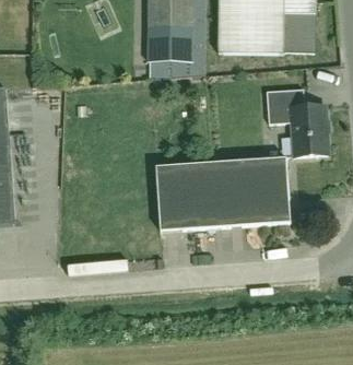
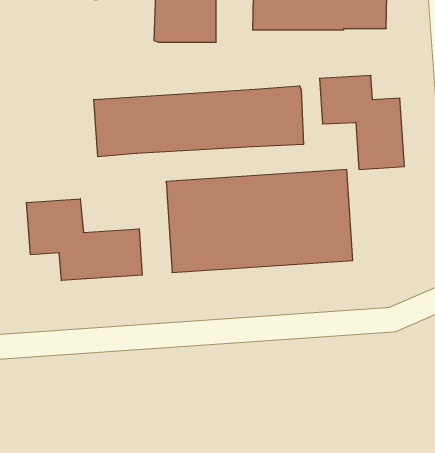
building: none -> [94,86,304,157]
building: none -> [26,199,142,281]

